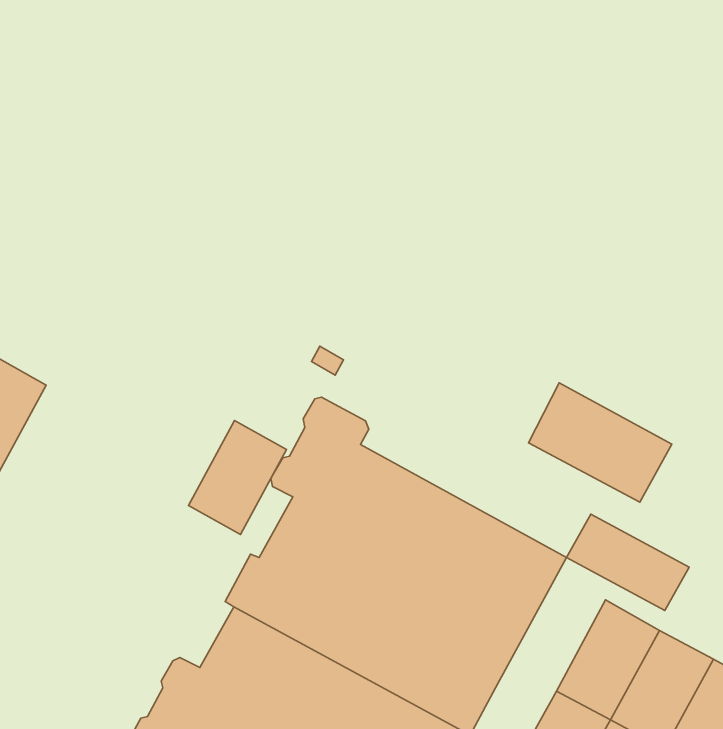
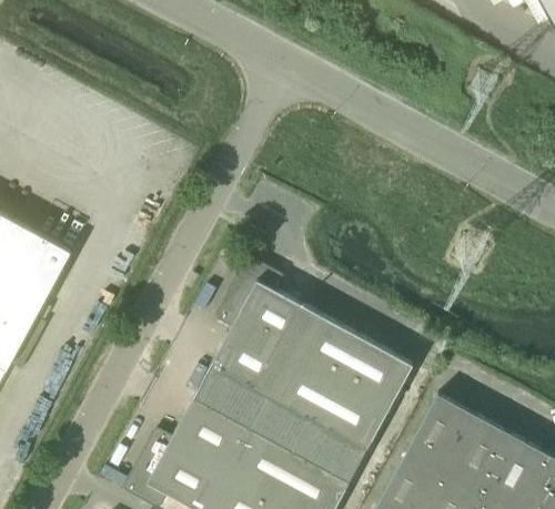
building: [528,383,672,502] -> none
building: [188,421,286,535] -> none
building: [567,514,689,610] -> none

